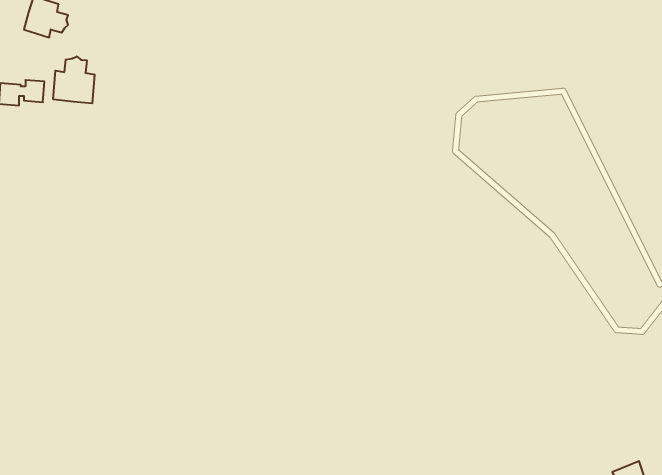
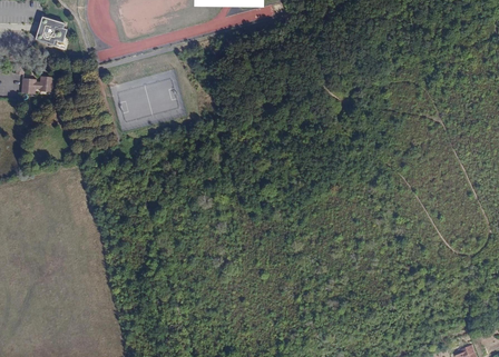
building: [53,56,94,103] -> none

